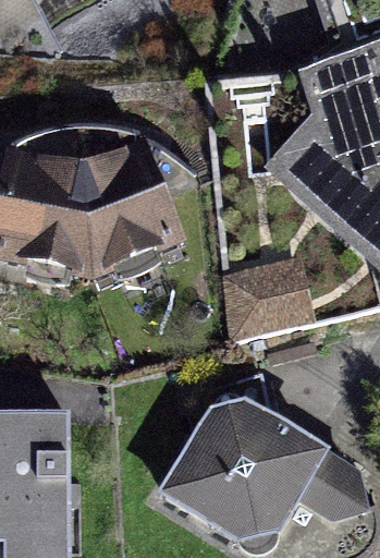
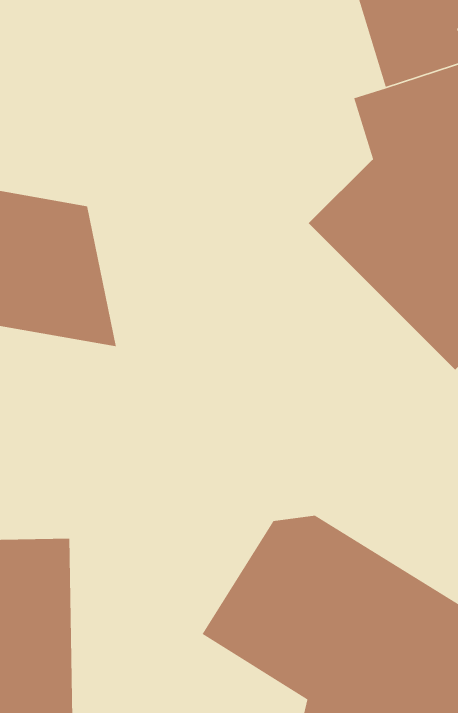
building: [79,136,188,271] -> none
building: [220,245,314,338] -> none

